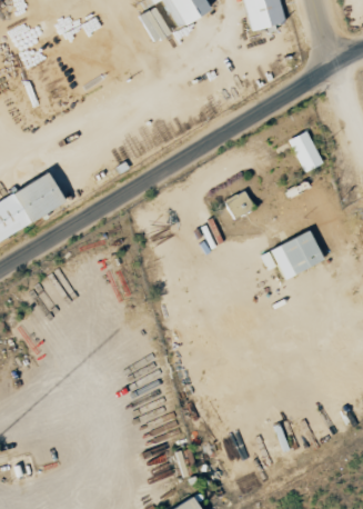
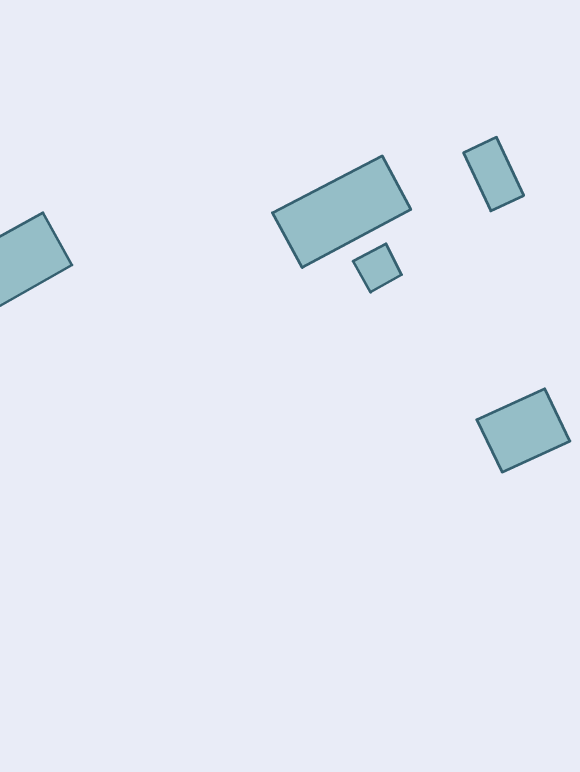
building: none -> [272,156,411,268]
building: [271,231,324,279] -> [477,389,570,472]

